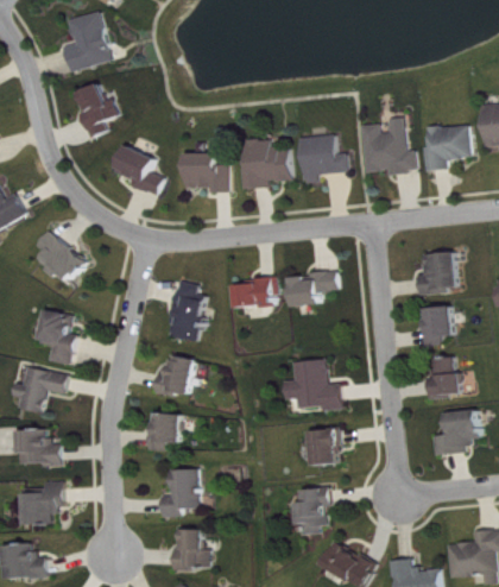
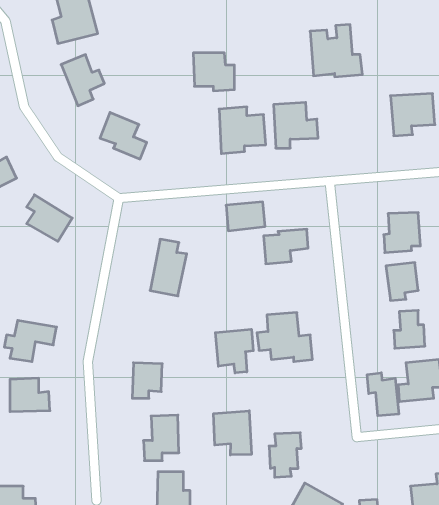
building: [360,118,416,173] -> [310,25,362,77]
building: [183,152,227,192] -> [193,53,234,91]
building: [230,278,272,309] -> [226,202,265,231]
building: [37,310,74,365] -> none
building: [153,354,194,396] -> none
building: none -> [215,329,253,373]
building: none -> [367,373,399,416]
building: [309,429,336,465] -> none
building: none -> [214,411,251,455]
building: [21,480,61,525] -> none

